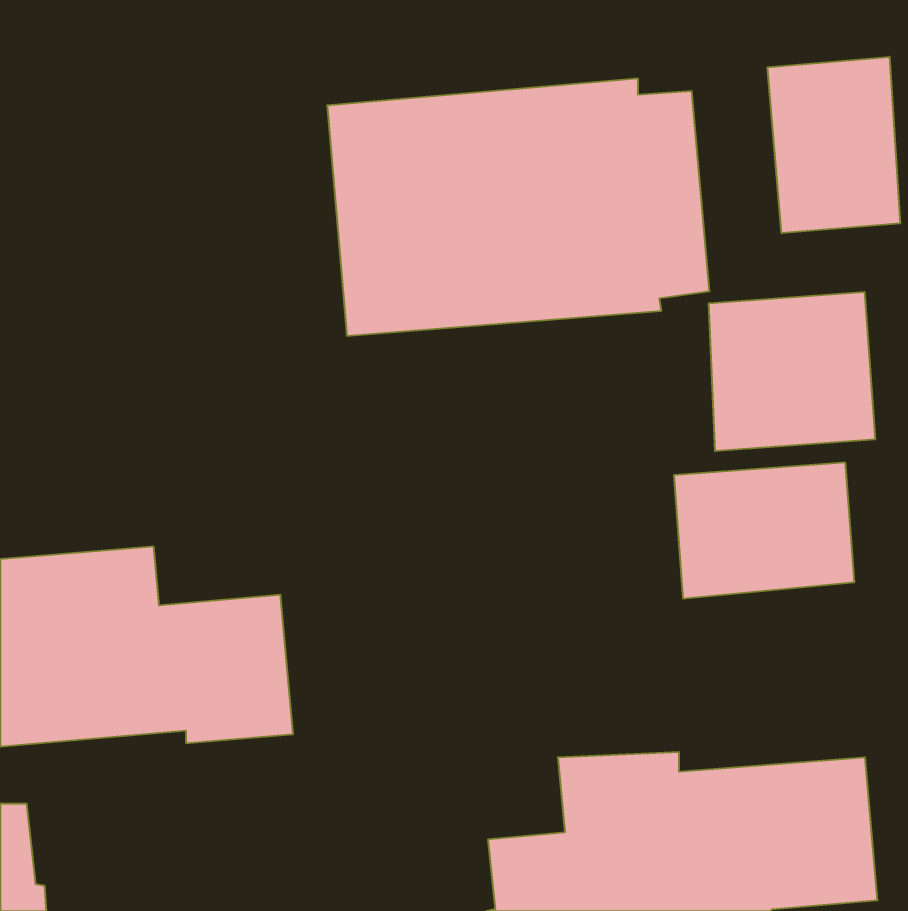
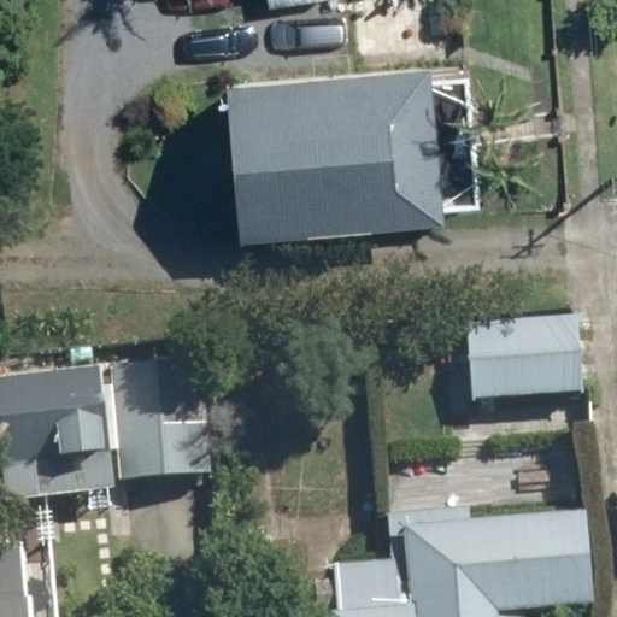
building: [768,57,900,233] -> none
building: [709,292,875,451] -> none

